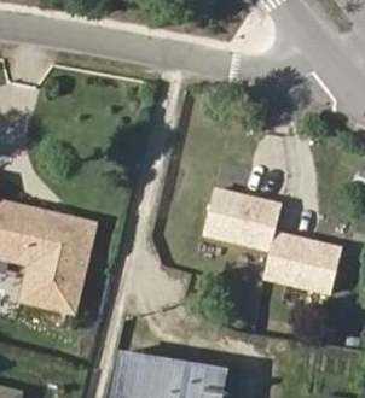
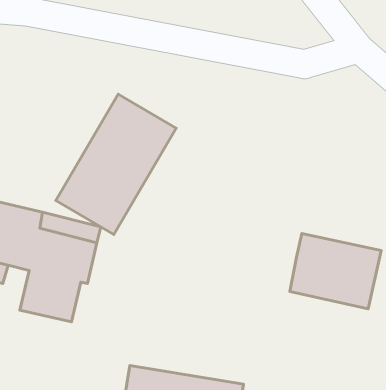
building: none -> [56,94,176,234]
building: [209,182,286,252] -> none

